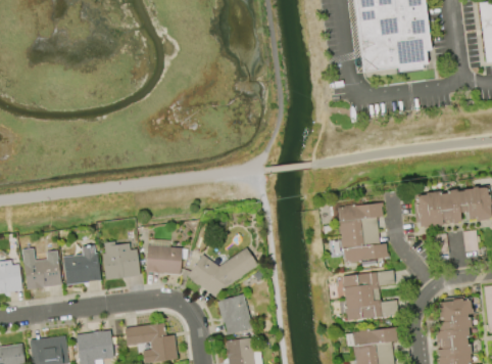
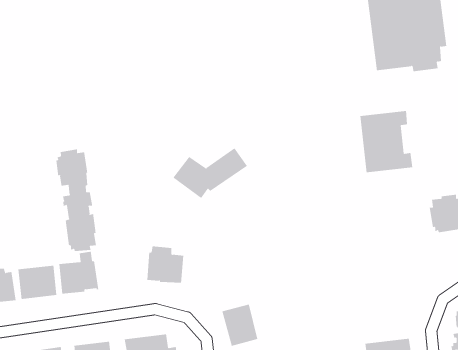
building: none -> [56,148,96,252]
building: [336,203,387,263] -> [360,110,413,173]
building: [101,242,140,280] -> none
building: [187,247,258,297] -> [173,147,248,199]
building: [341,271,398,320] -> none

